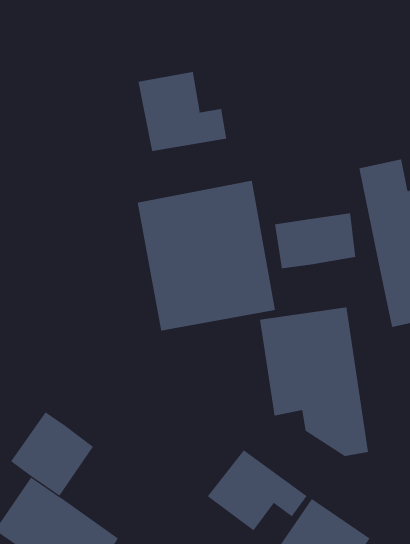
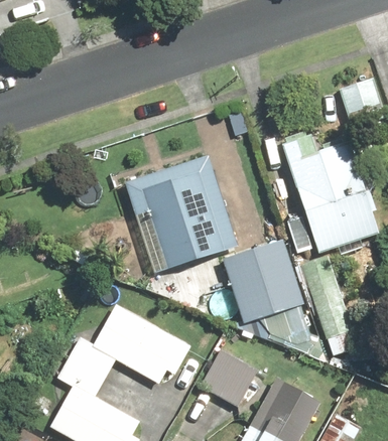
building: [138,71,227,152] -> none
building: [275,212,356,269] -> none
building: none -> [94,305,190,383]

